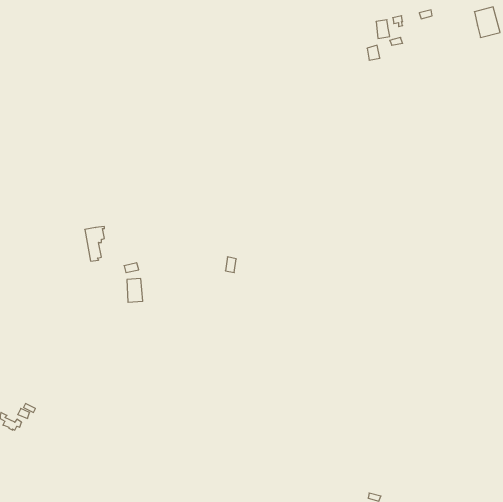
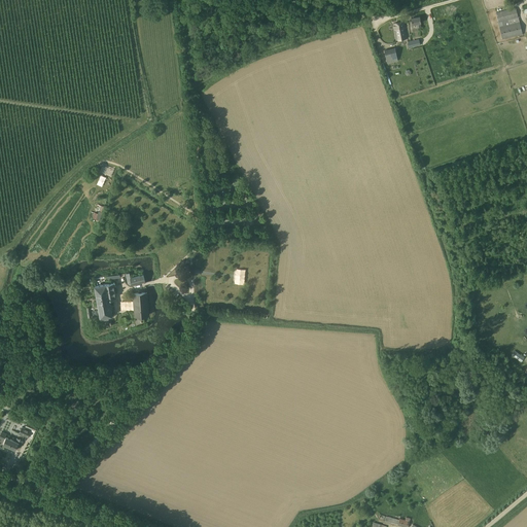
building: [85,227,104,261] -> [95,284,115,320]

